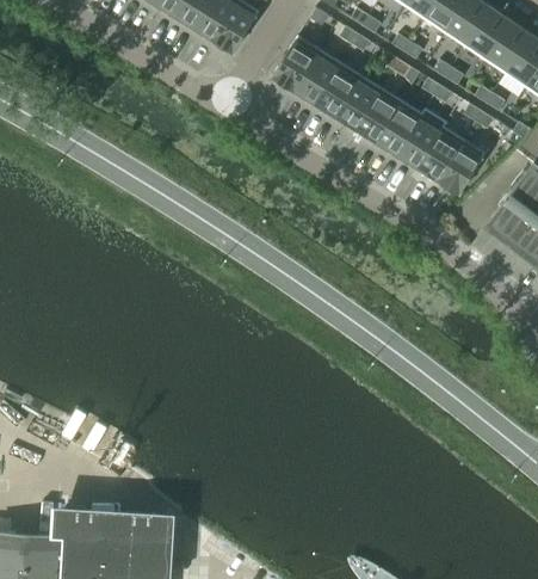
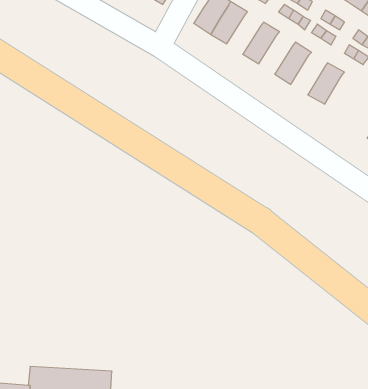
building: [314,62,360,116] -> none
building: [354,87,401,141] -> none
building: [395,107,445,167] -> none
building: [438,138,484,193] -> none

